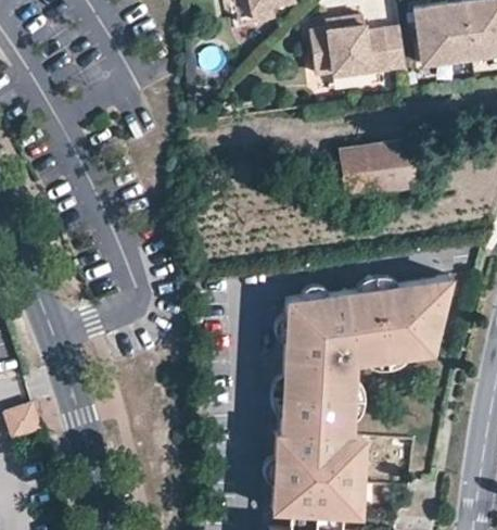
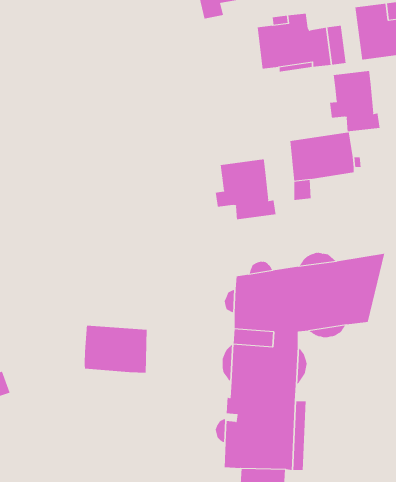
building: none -> [329,70,380,132]
building: none -> [215,158,276,220]
building: none -> [84,325,147,374]

